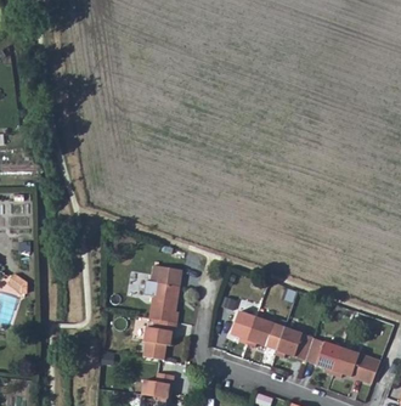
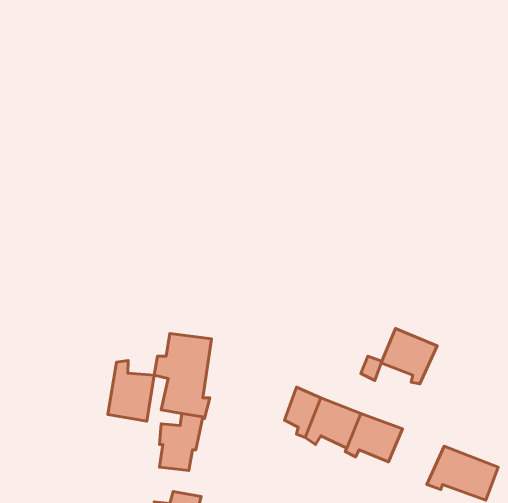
building: none -> [108,361,154,421]
building: [304,333,343,372] -> [382,328,437,384]

